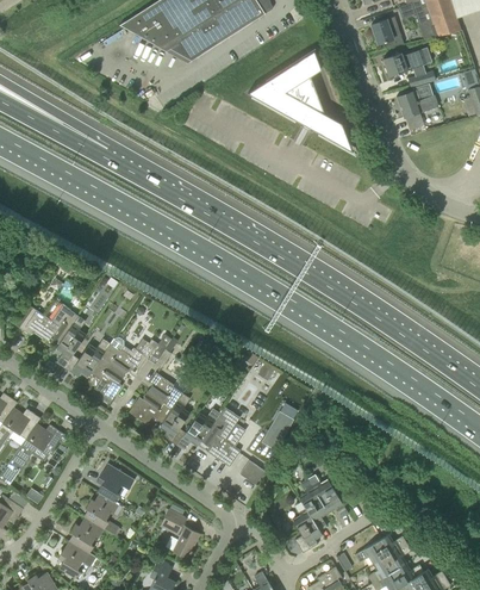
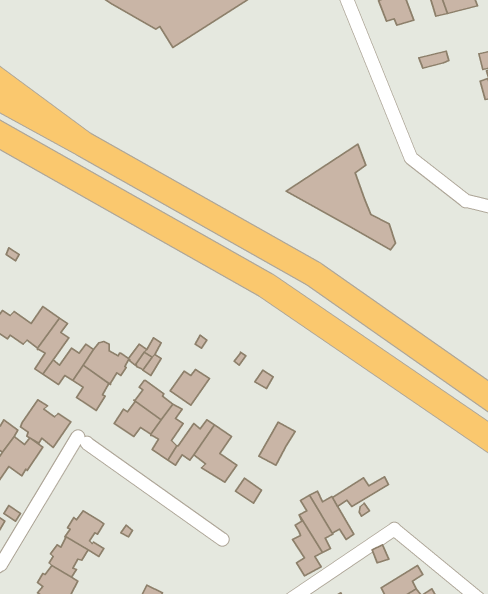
building: [381,48,431,76] -> none
building: [247,50,347,147] -> [286,144,396,250]
building: [395,89,437,118] -> none
building: none -> [170,370,210,405]
building: none -> [21,400,71,447]
building: [95,464,133,502] -> none
building: [160,509,199,559] -> none
building: [354,535,405,563] -> [332,477,388,507]

